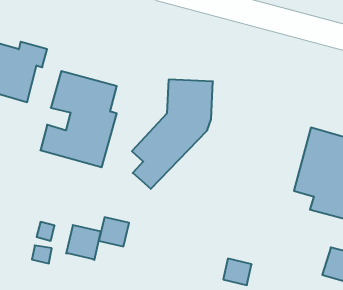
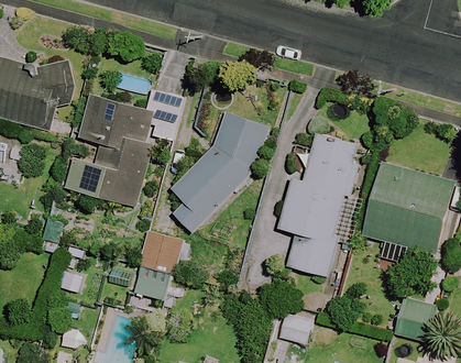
building: none -> [278,132,369,276]
building: [66,225,101,260] -> [138,232,178,273]

